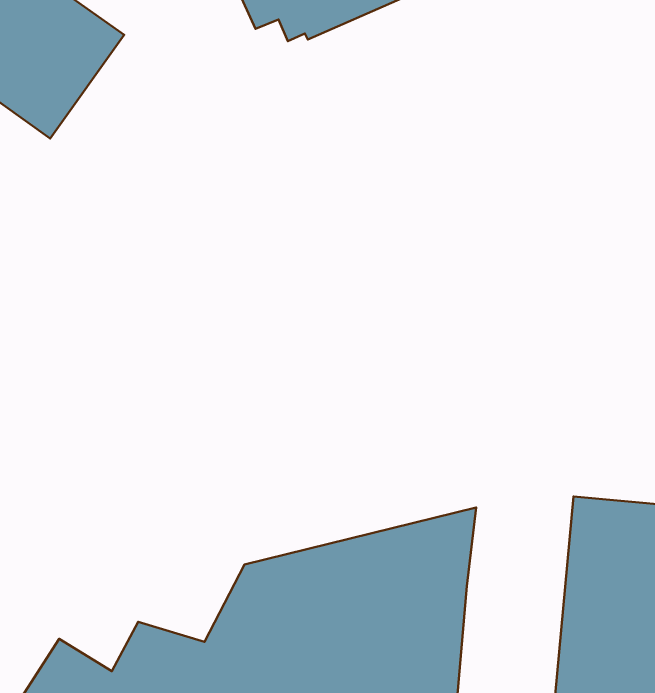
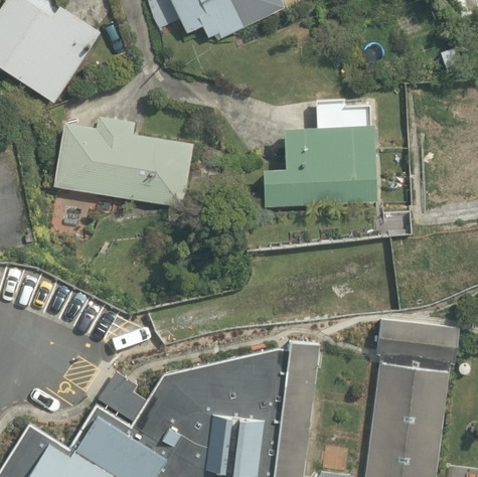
building: none -> [251,101,374,206]
building: none -> [47,116,183,204]

